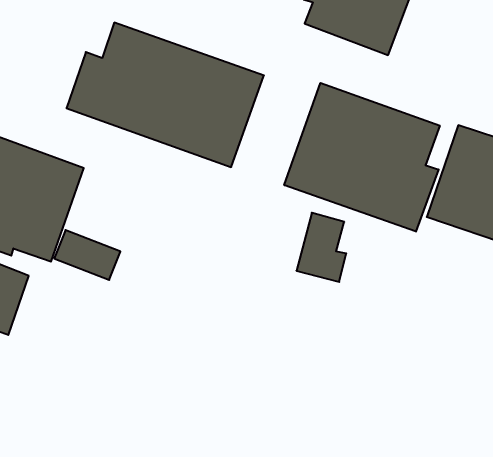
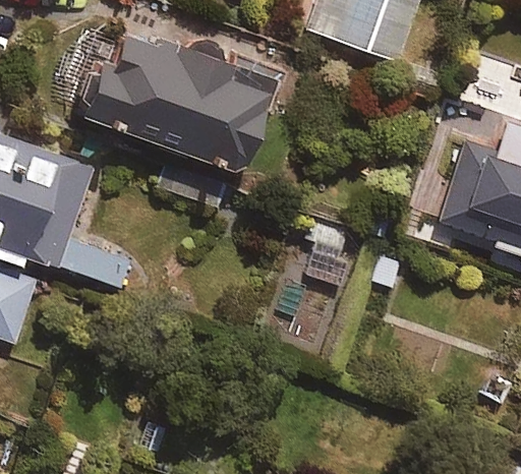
building: [284,83,440,232] -> none

